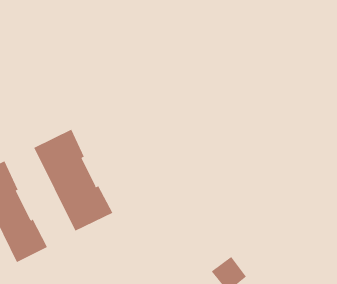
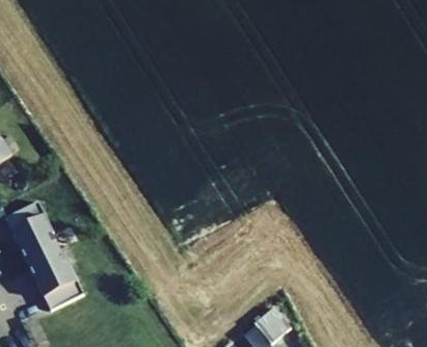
building: [33,129,113,232] -> none

